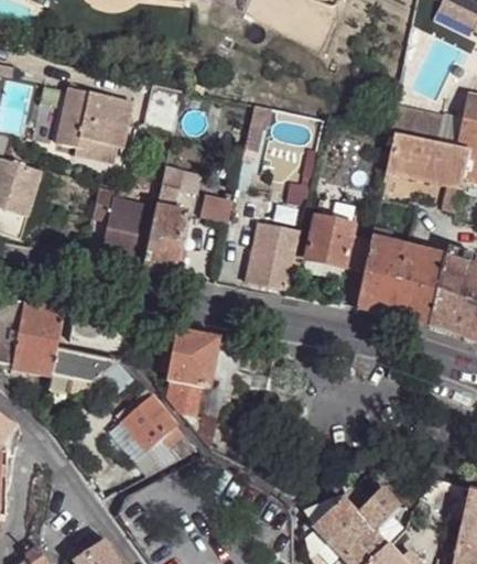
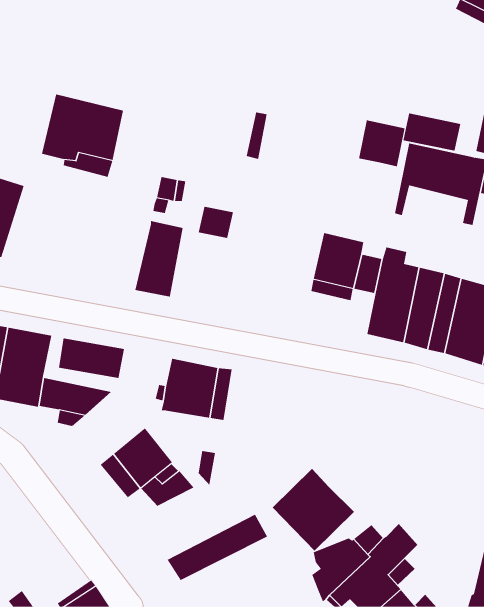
building: none -> [358,120,405,167]
building: [94,187,156,268] -> none
building: [249,225,300,290] -> none
building: [169,379,205,414] -> none
building: none -> [272,468,355,551]
building: none -> [167,514,268,581]

